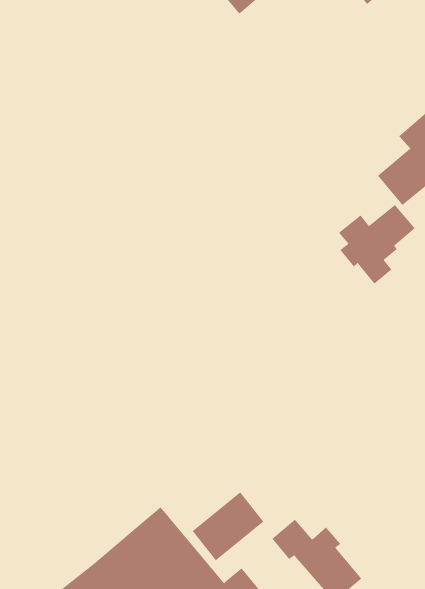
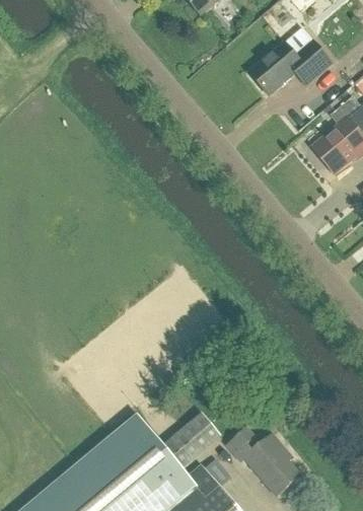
building: none -> [249,40,333,94]
building: [338,204,415,285] -> none

